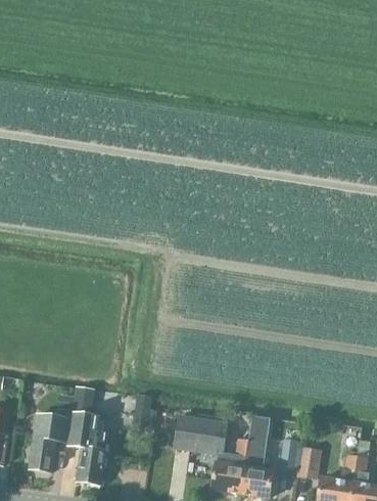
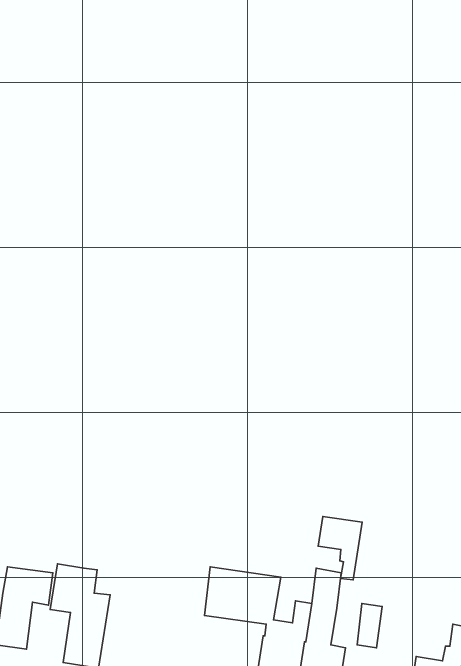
building: none -> [318,516,362,580]
building: [299,447,322,476] -> none

